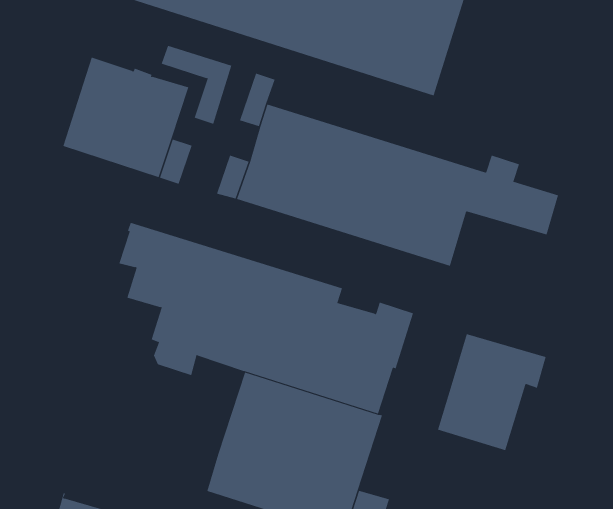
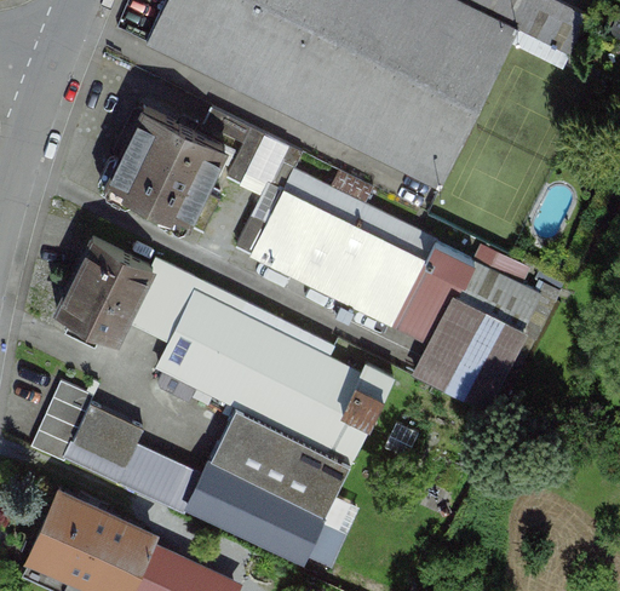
building: none -> [54,237,151,342]
building: [437,333,547,451] -> [414,296,521,404]
building: none -> [29,381,200,513]

